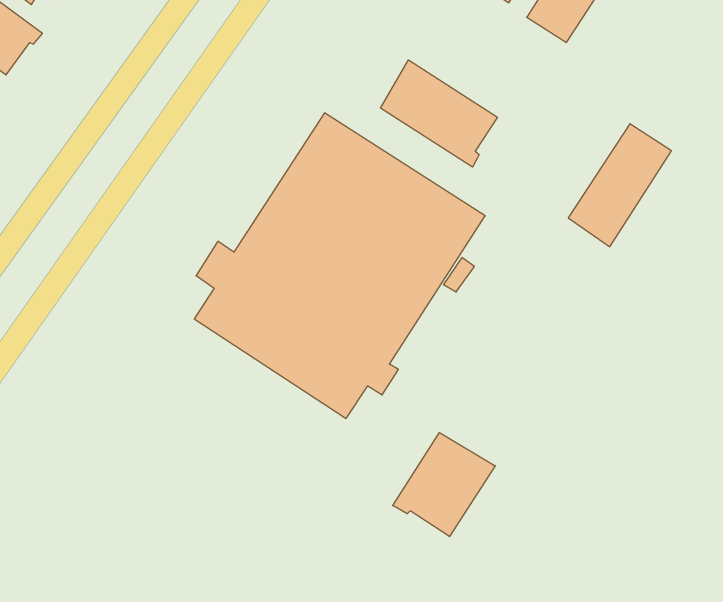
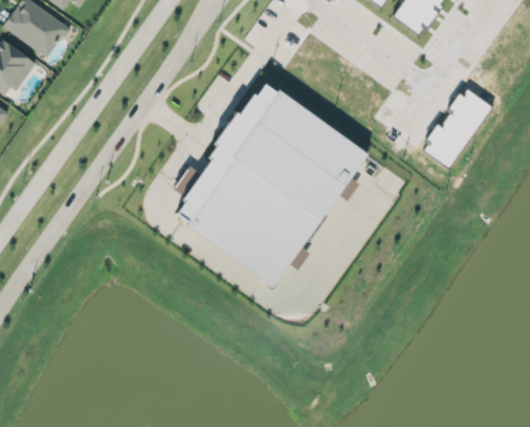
building: [381,60,497,167] -> none
building: [393,433,495,537] -> none

